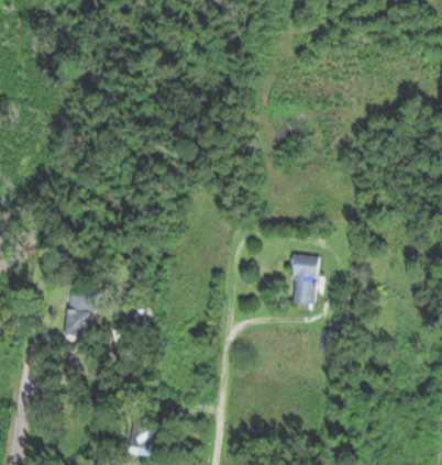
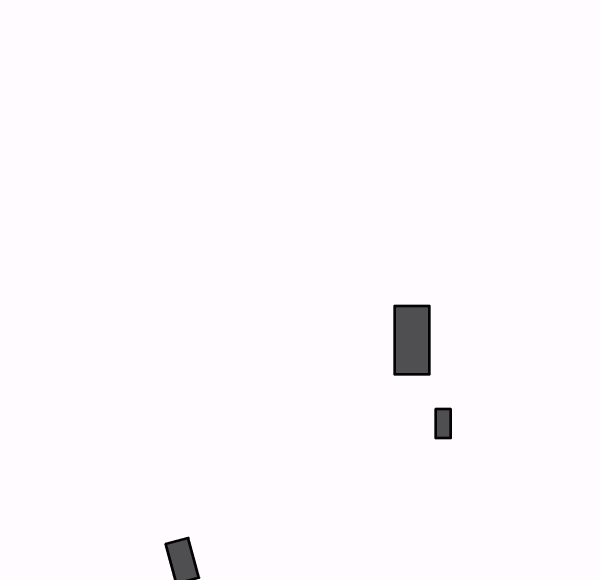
building: [66,309,89,336] -> none

